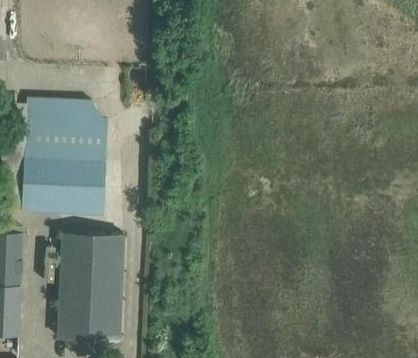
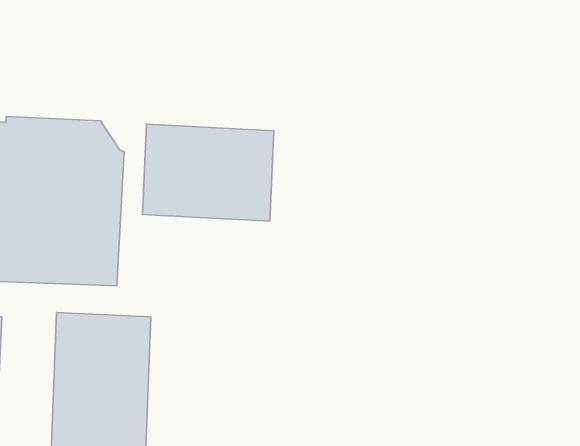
building: none -> [143,124,274,221]

